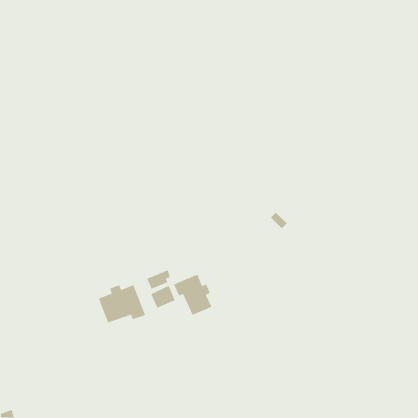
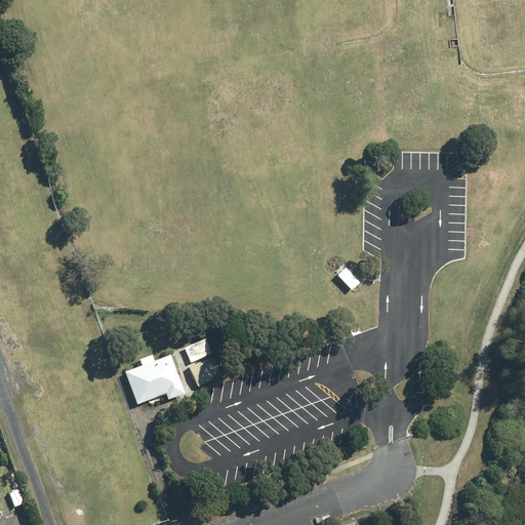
building: [173,274,212,316] -> none

